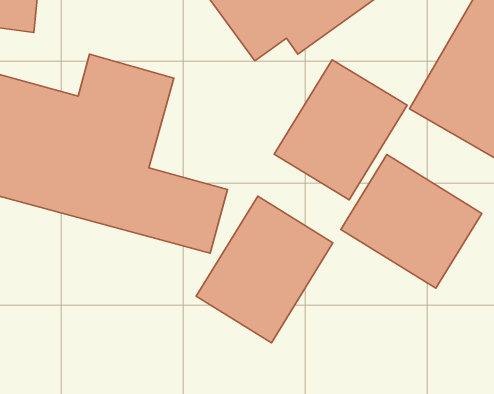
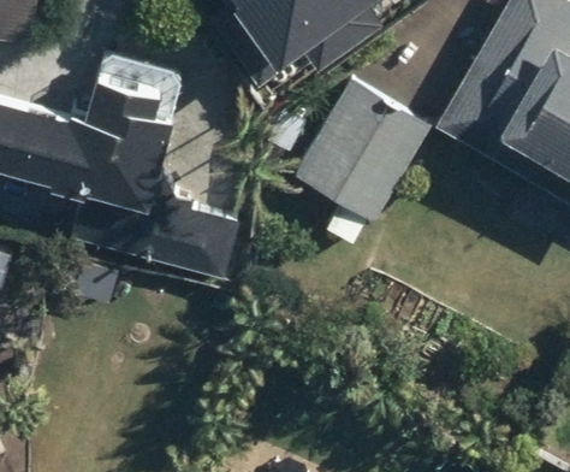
building: [341,155,482,288] -> none
building: [196,196,333,343] -> none

